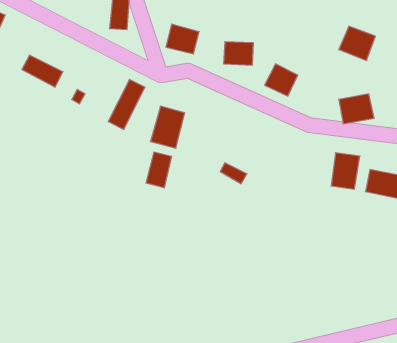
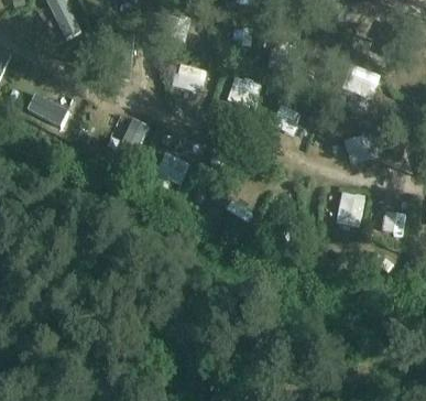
building: [146,152,172,188] -> none

